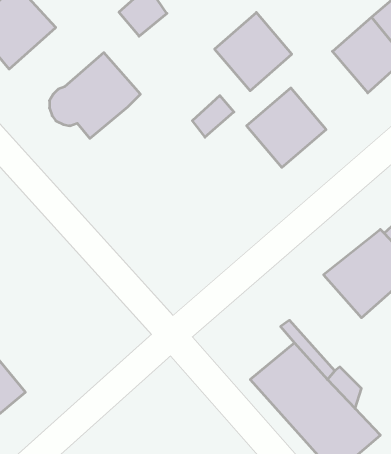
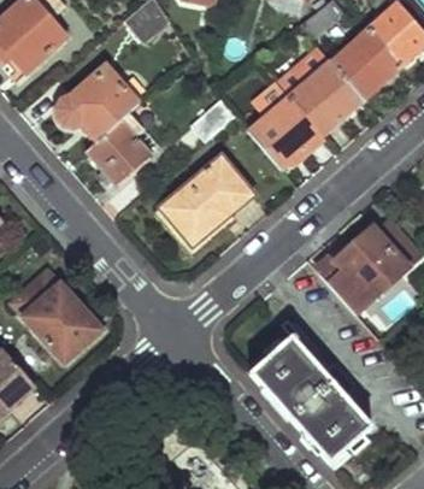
building: [215,12,292,91] -> [288,59,361,134]
building: none -> [87,112,157,187]
building: none -> [154,158,252,252]
building: none -> [17,270,101,360]

